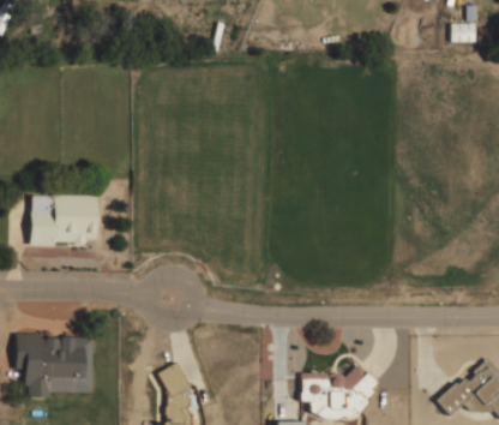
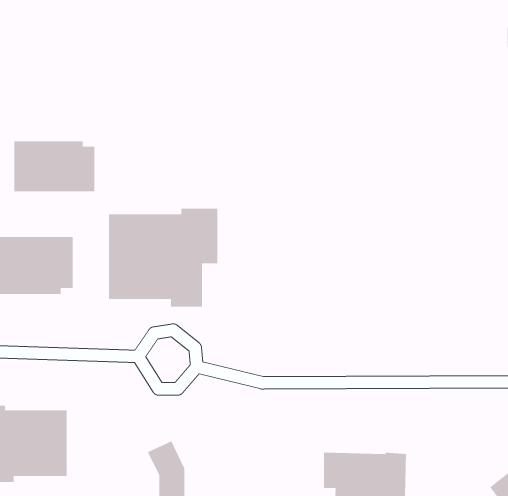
building: none -> [13,141,95,192]
building: none -> [108,208,218,307]

